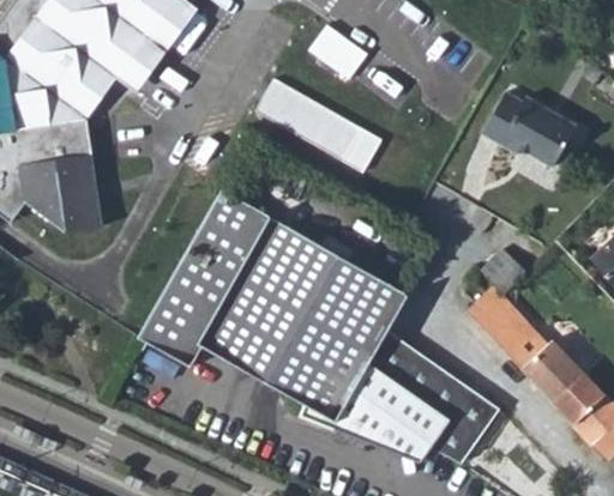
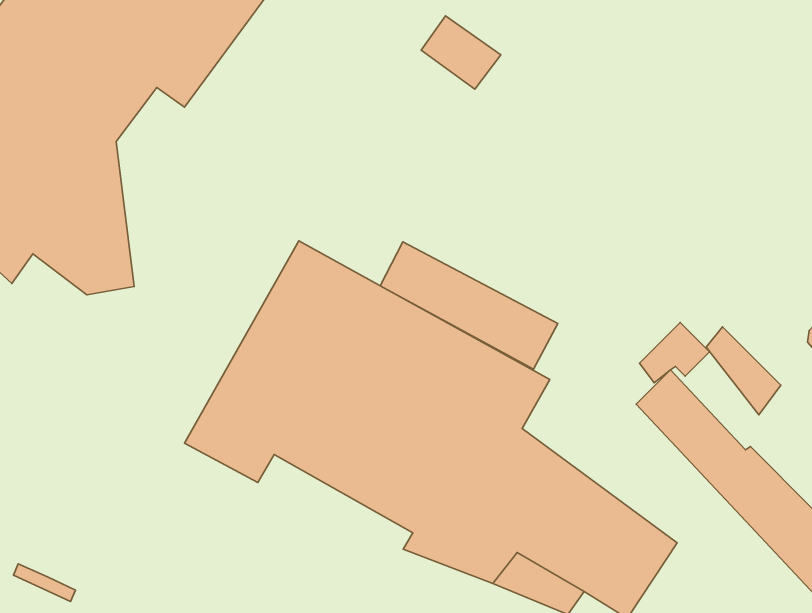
building: [253,80,384,174] -> [380,242,558,369]
building: [483,92,576,167] -> none
building: none -> [706,327,781,415]

